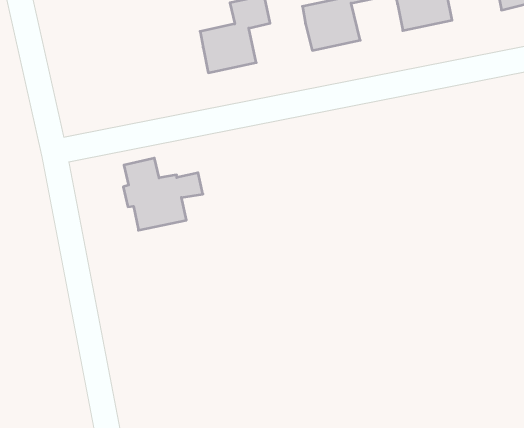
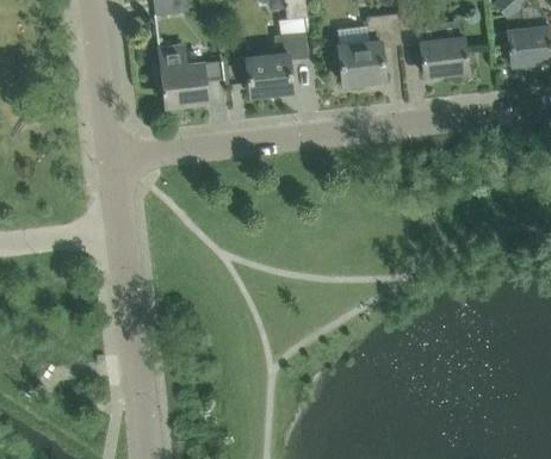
building: [123,158,203,230] -> [155,44,224,106]

